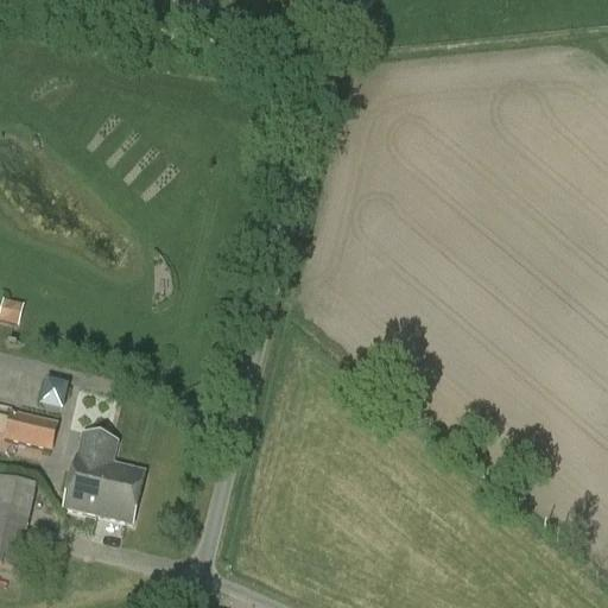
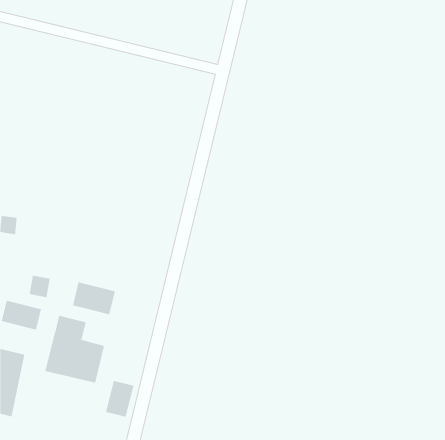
building: none -> [72,282,116,315]
building: none -> [106,380,134,418]

